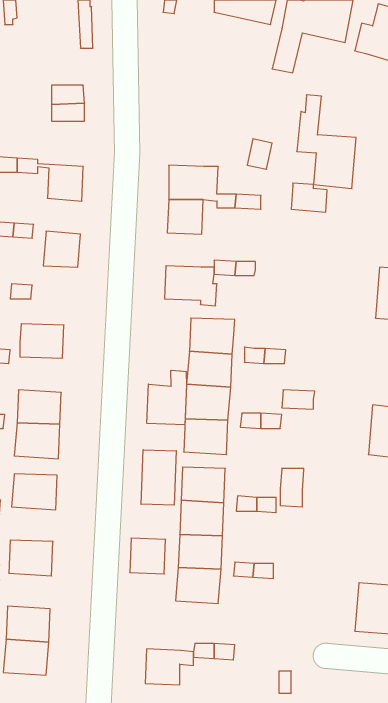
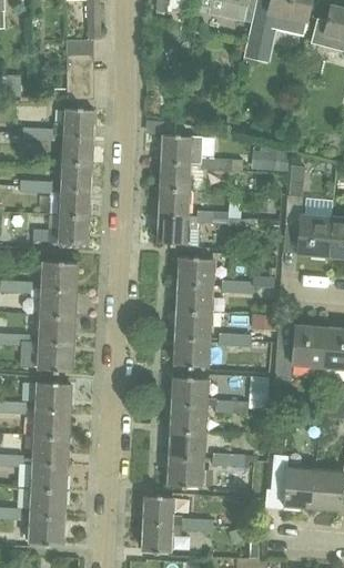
building: none -> [65,39,92,69]
building: [297,95,356,189] -> [283,181,331,256]
building: none -> [55,106,94,134]
building: none -> [62,160,91,189]
building: none -> [159,187,188,215]
building: none -> [59,214,88,242]
building: none -> [40,287,75,316]
building: [147,370,187,425] -> none
building: none -> [273,324,325,381]
building: [141,450,176,505] -> none
building: none -> [33,408,70,436]
building: [130,538,166,574] -> [143,495,172,524]
building: none -> [269,454,314,508]
building: none -> [31,462,67,490]

